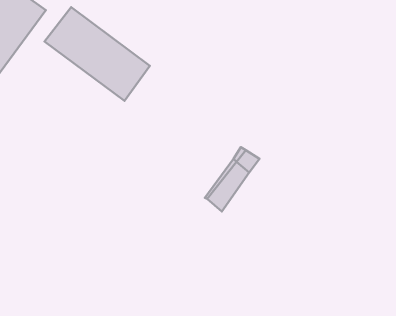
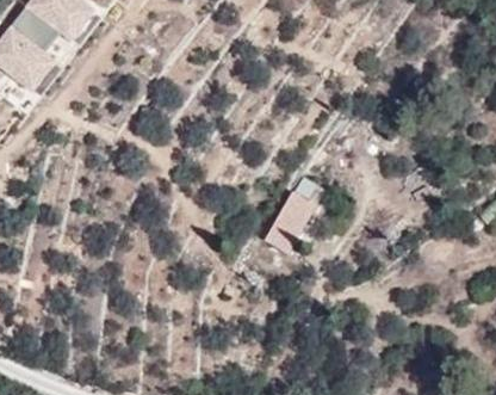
building: [45,7,150,101] -> none

